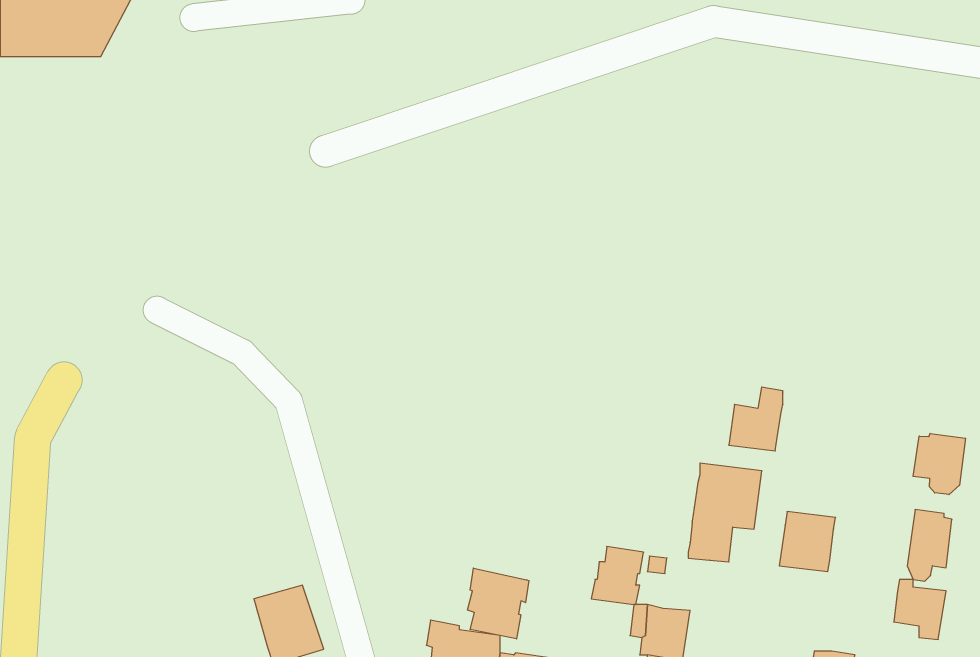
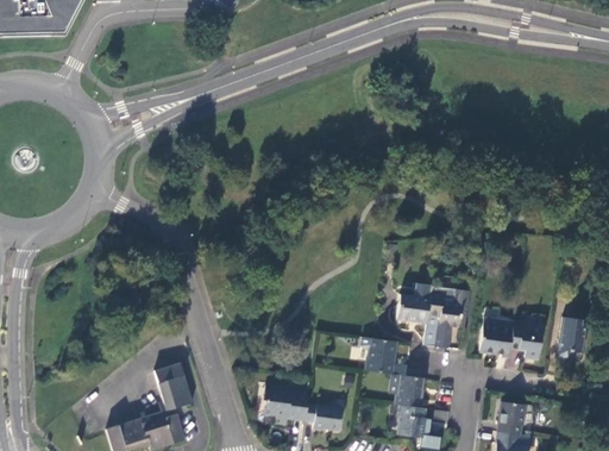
building: [729,387,783,451] -> [397,283,431,322]
building: [913,433,966,495] -> none
building: [467,568,529,639] -> none
building: [894,579,946,639] -> [510,320,542,357]

